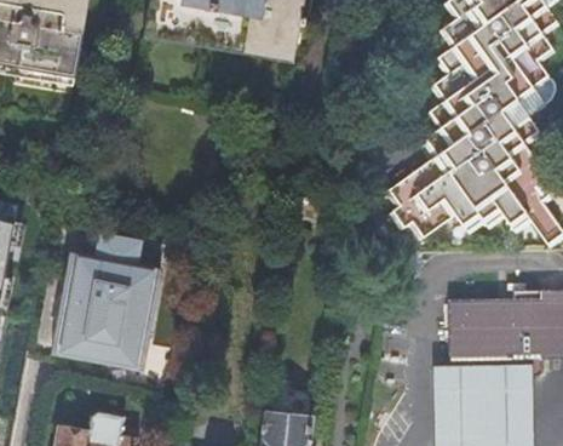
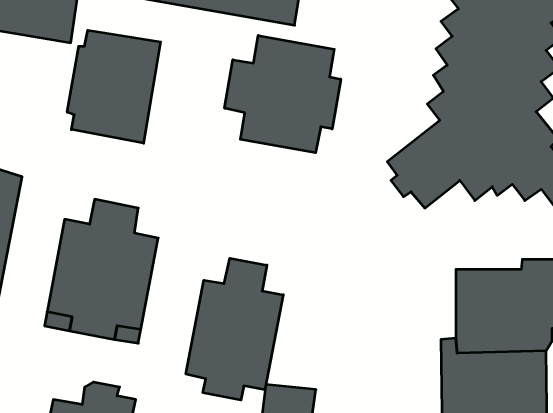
building: none -> [67,30,161,143]
building: none -> [225,35,341,153]
building: none -> [186,258,283,400]

